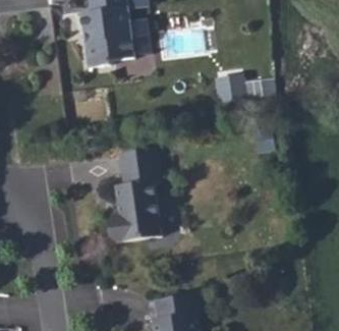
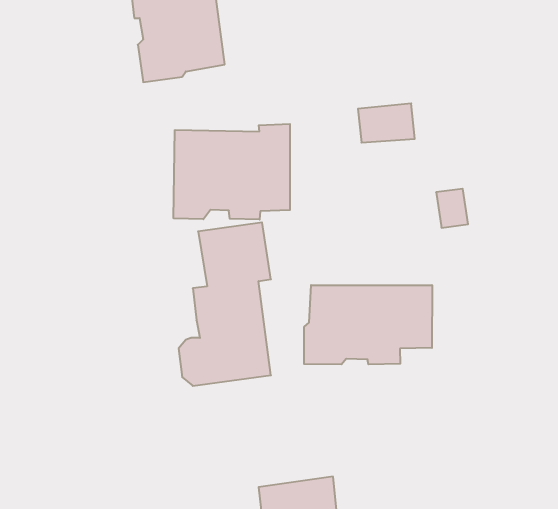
building: none -> [174,124,290,220]
building: none -> [304,285,432,364]

